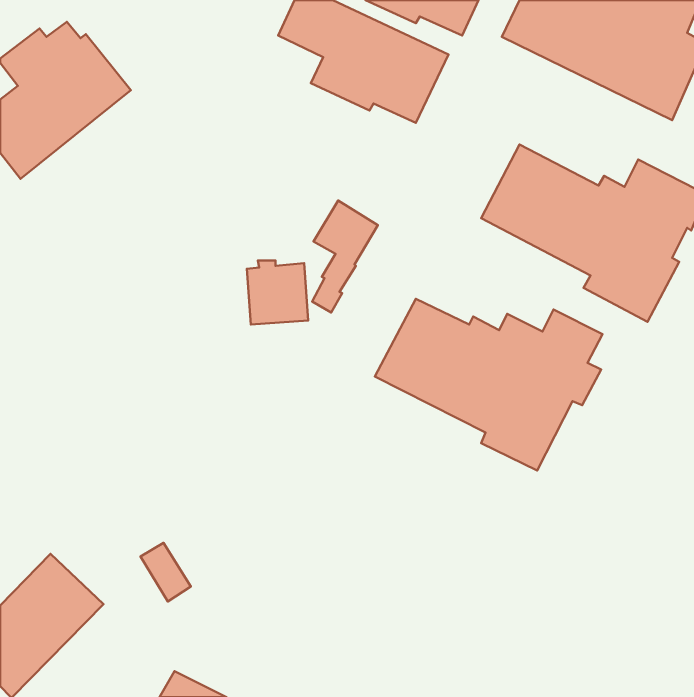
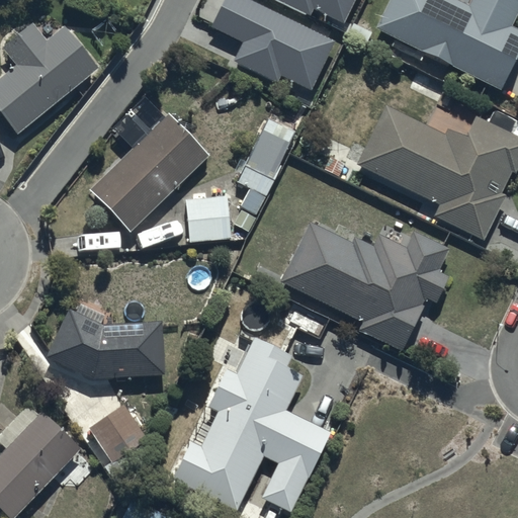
building: none -> [89,111,209,231]
building: none -> [46,299,167,378]
building: none -> [172,330,330,511]

